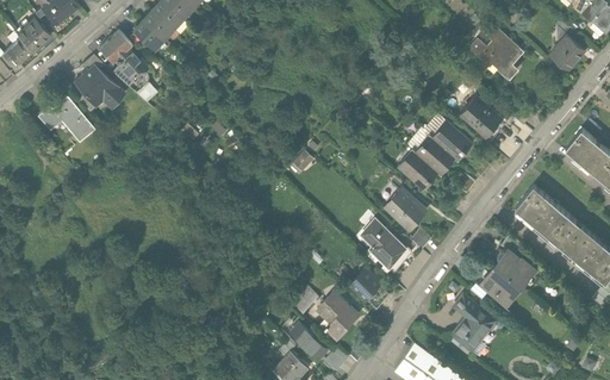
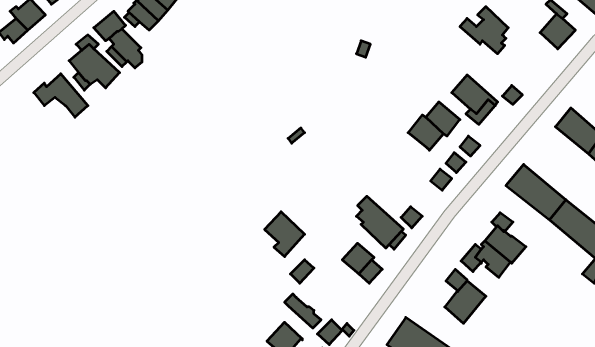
building: [400,152,436,187] -> none
building: [385,189,425,229] -> none
building: [318,288,359,334] -> [265,212,305,257]

